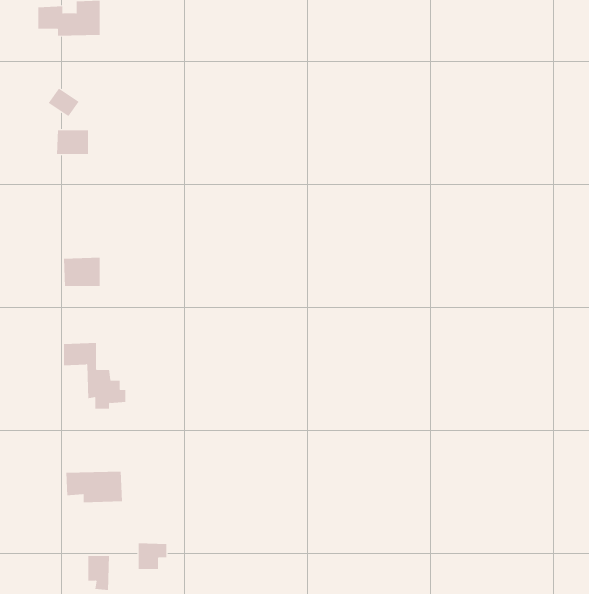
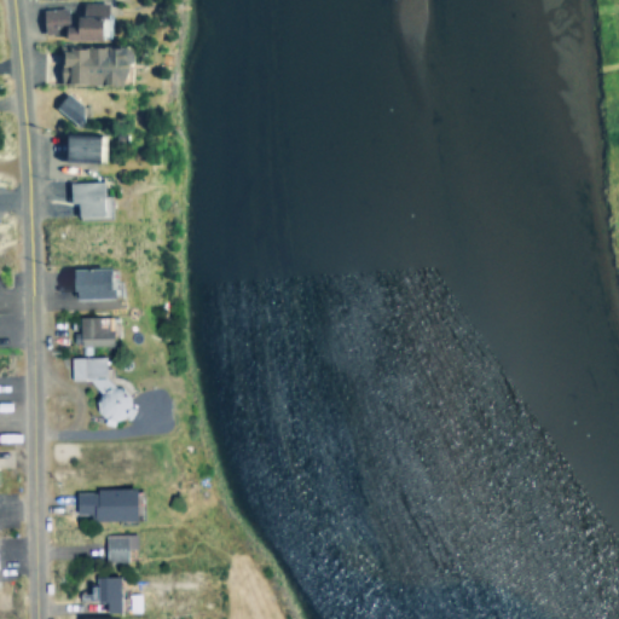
building: none -> [63,48,131,87]
building: none -> [73,183,115,219]
building: none -> [77,318,114,347]
building: [138,543,167,570] -> [109,536,139,563]

